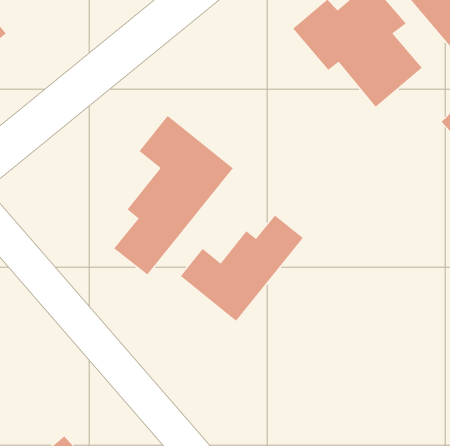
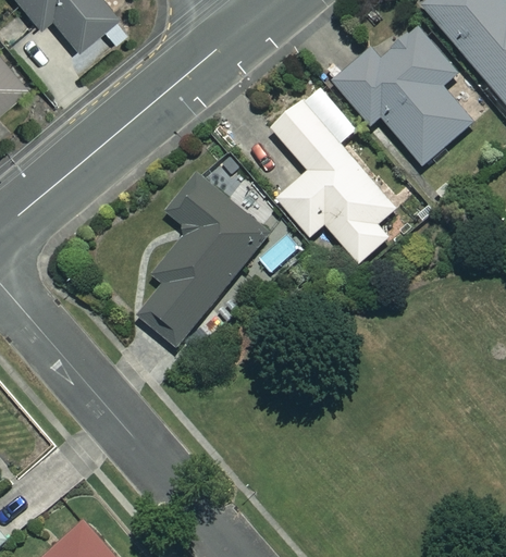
building: none -> [271,101,395,263]
building: [180,214,304,322] -> none

